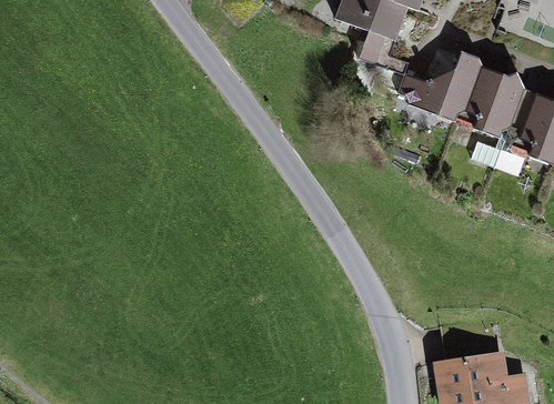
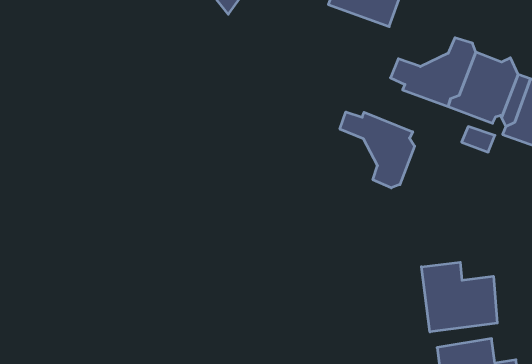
building: none -> [340,112,415,188]
building: none -> [421,262,497,332]

